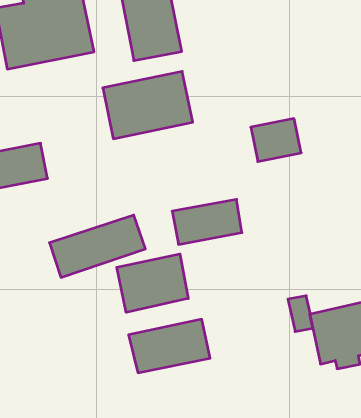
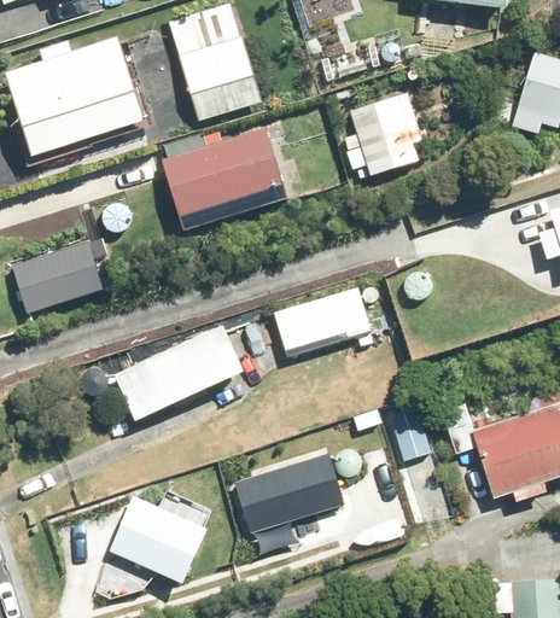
building: [251,119,301,162] -> [350,95,421,158]
building: [117,254,188,312] -> none
building: none -> [109,494,205,582]

